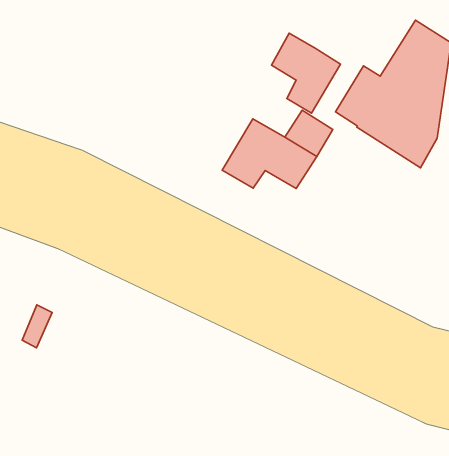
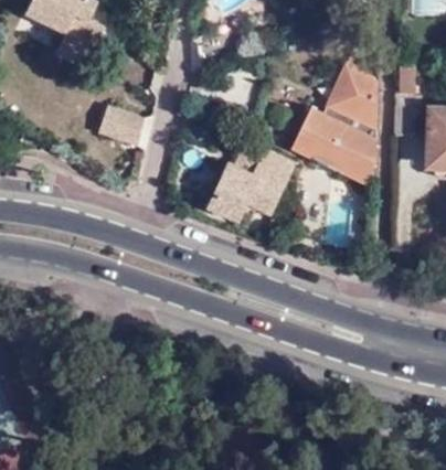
building: none -> [96,103,146,145]
building: [272,33,340,113] -> none

